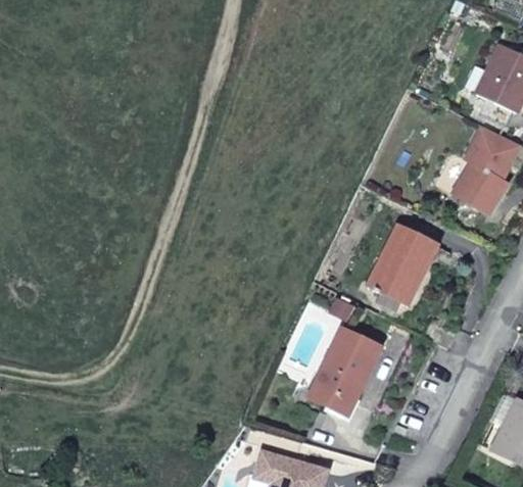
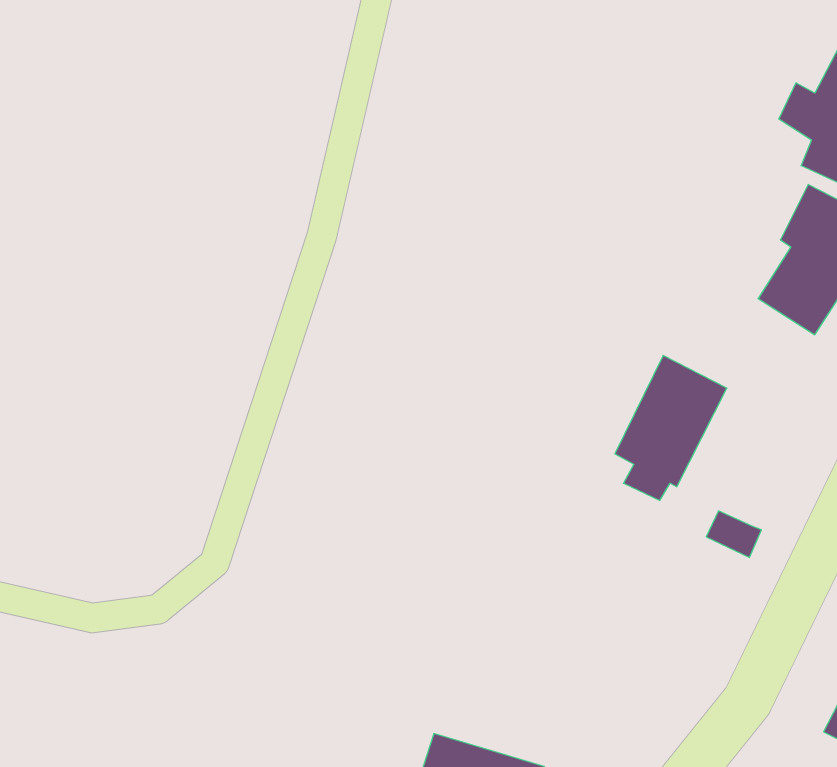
building: [310,329,380,407] -> none

